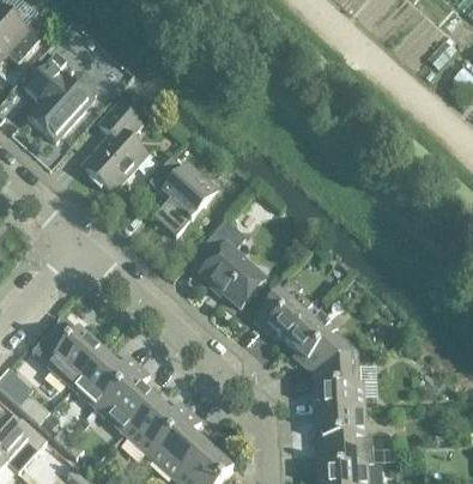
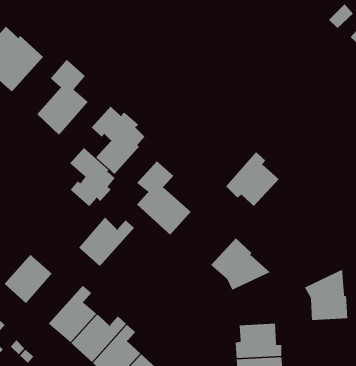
building: none -> [69,147,115,207]
building: [253,278,316,343] -> [225,151,280,207]
building: [311,351,363,412] -> [304,269,348,321]
building: [72,352,138,411] -> [78,217,135,267]

